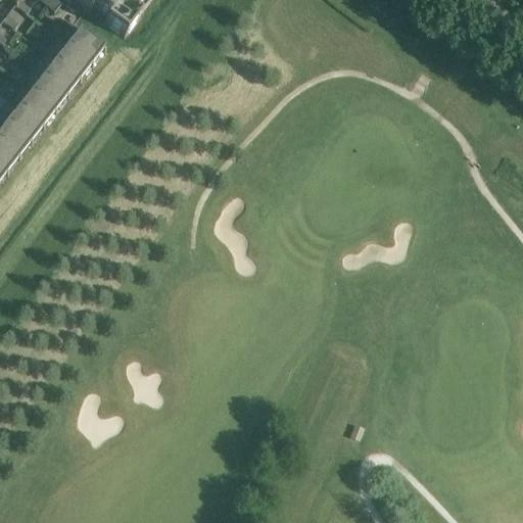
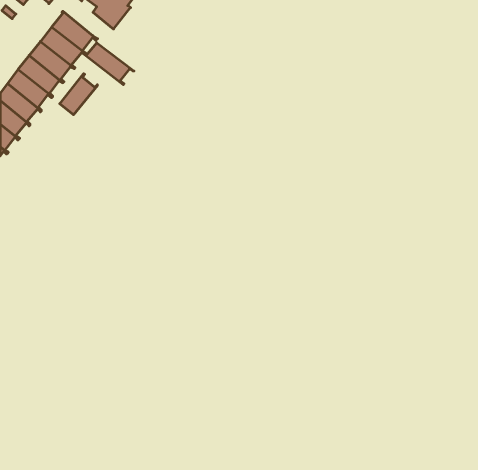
building: none -> [86,43,134,85]
building: none -> [60,74,97,115]

